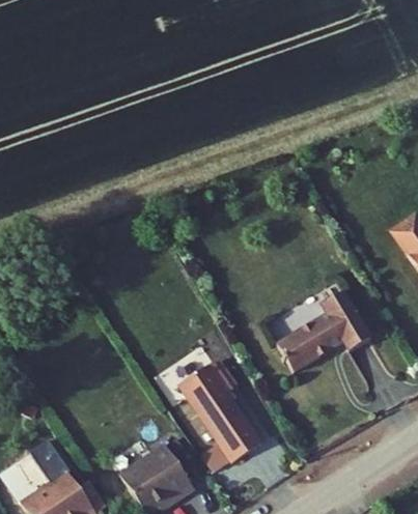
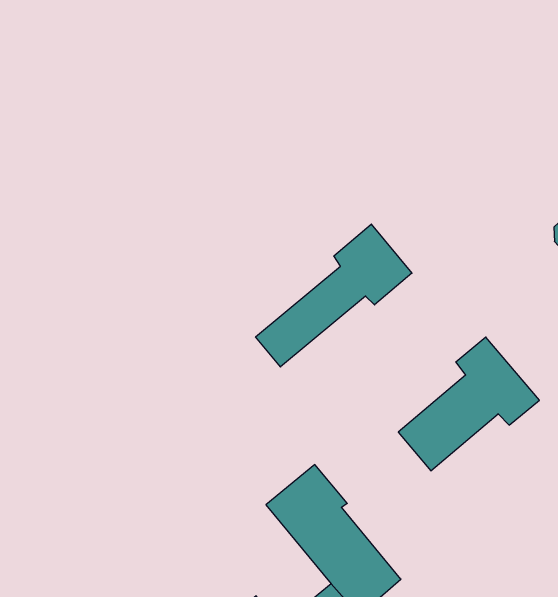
building: none -> [256,224,412,367]

